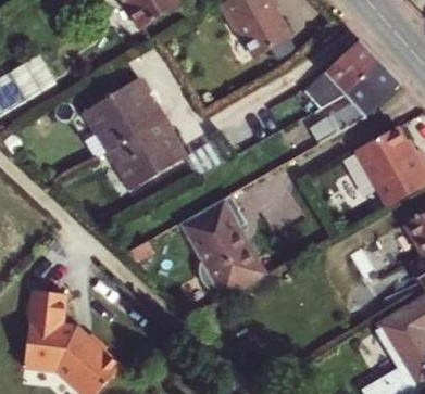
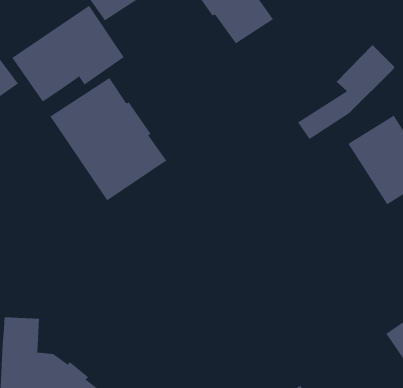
building: none -> [11,5,125,102]
building: [305,40,378,110] -> none
building: [180,193,266,298] -> none

